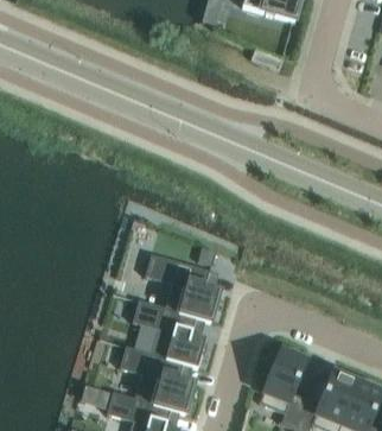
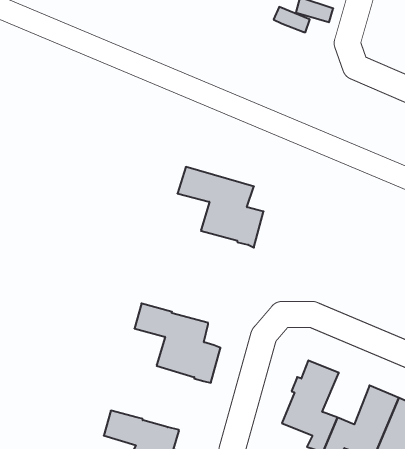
building: [146,253,219,322] -> [177,167,264,248]
building: [121,344,195,412] -> none

